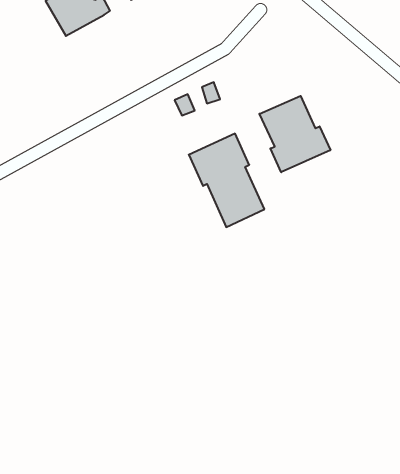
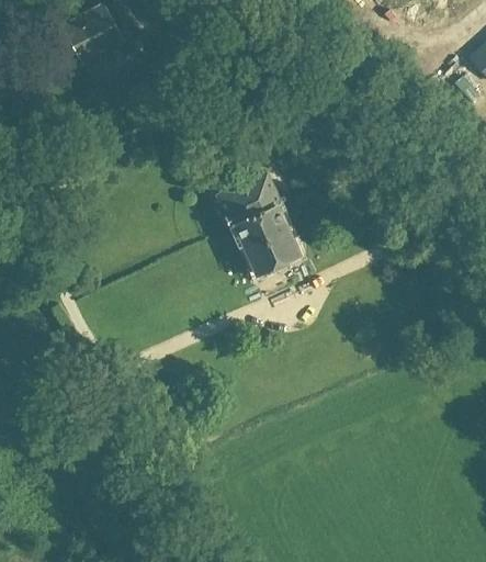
building: [259,96,330,172] -> none

